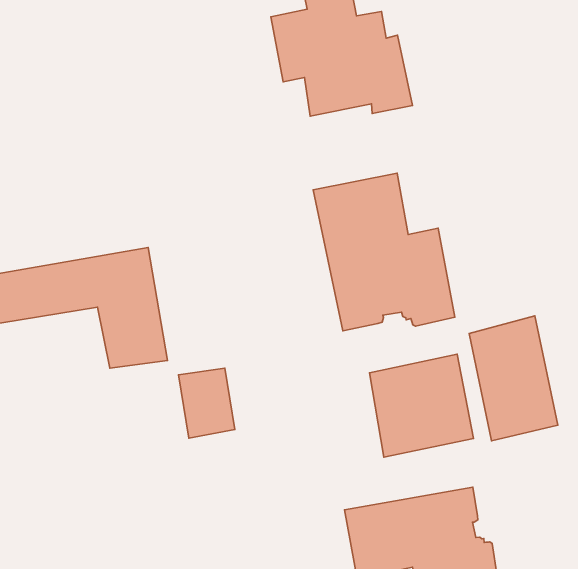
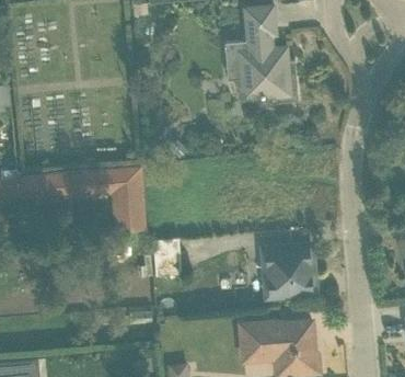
building: [313,173,455,331] -> none
building: [469,316,558,441] -> none

